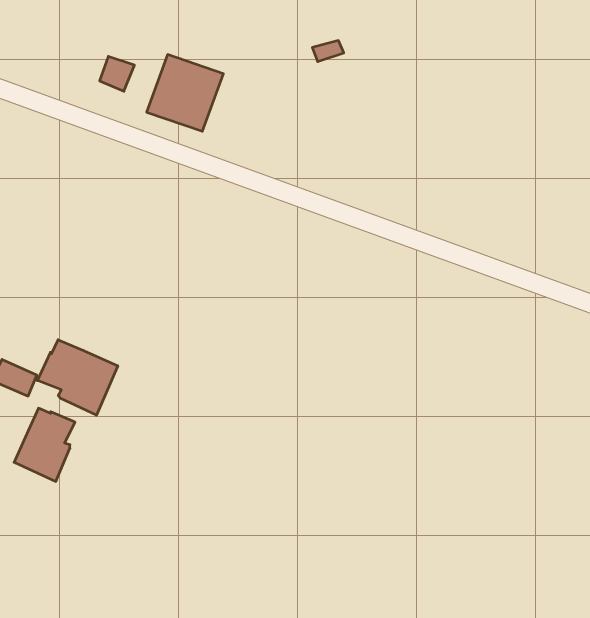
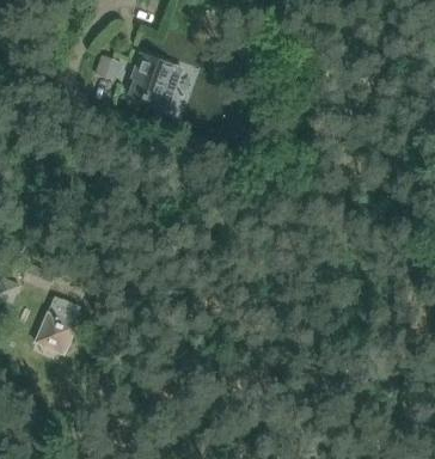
building: [37,340,118,415] -> none

